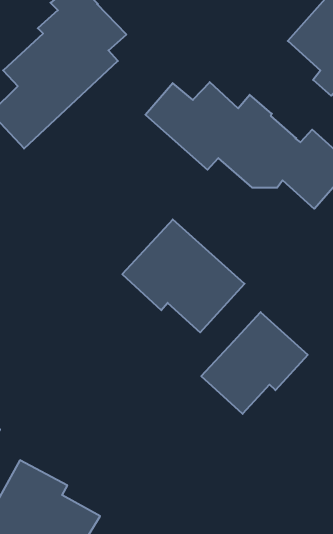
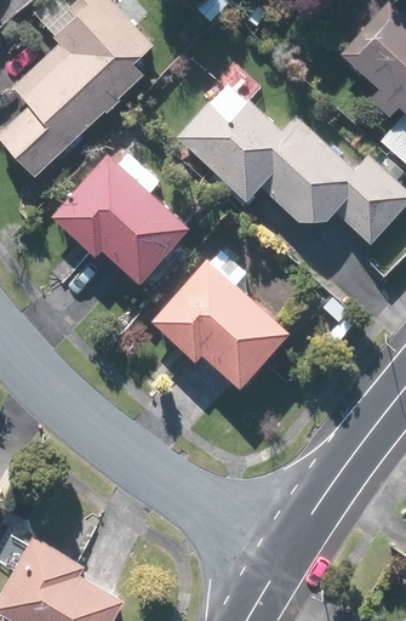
building: none -> [51,155,189,285]
building: [201,312,308,414] -> none

